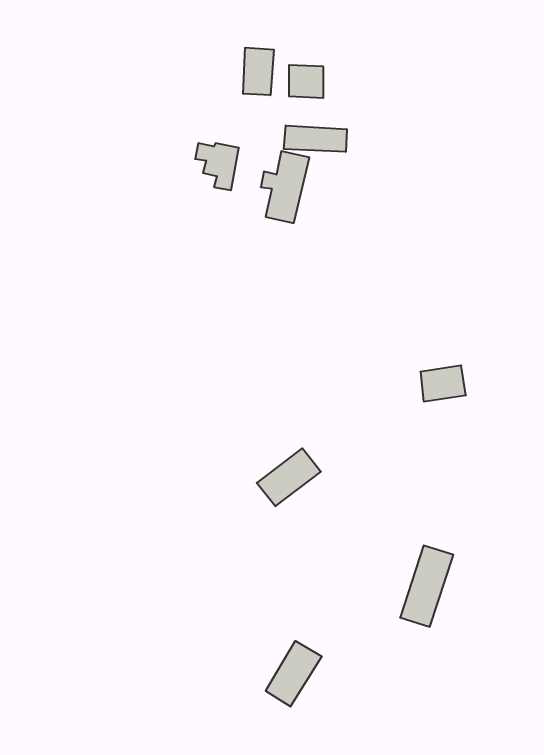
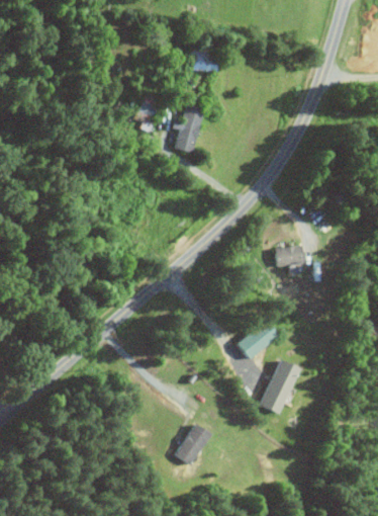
building: [243,48,274,95] -> none
building: [284,125,347,152] -> none
building: [257,448,321,506] -> [235,322,277,359]

